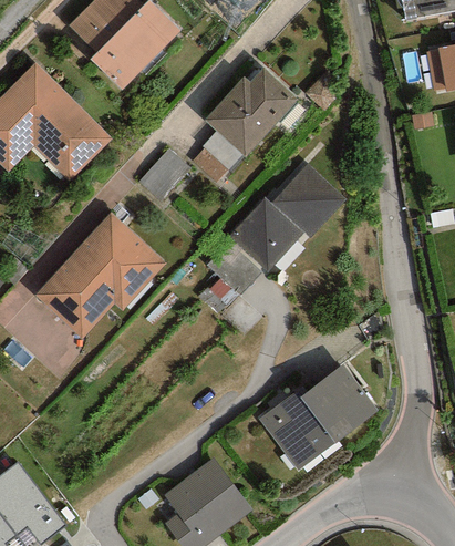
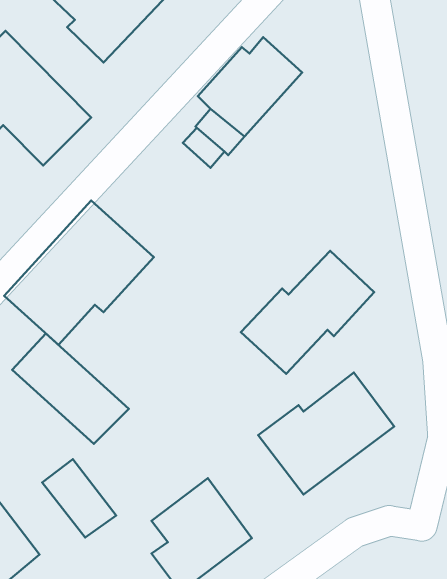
building: [139,147,189,199] -> none
building: [228,163,345,271] -> [241,251,374,374]
building: none -> [12,333,129,444]
building: none -> [42,459,116,538]

